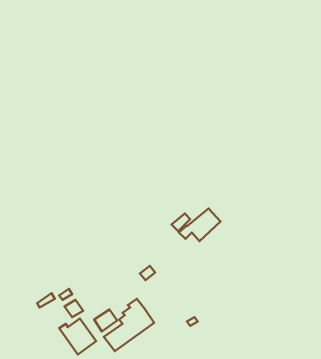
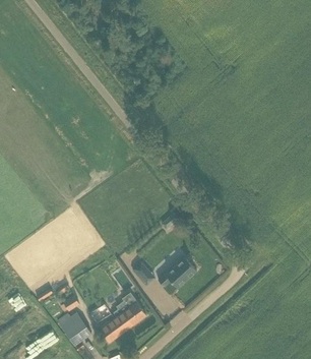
building: [179,208,220,241] -> [158,257,196,288]

